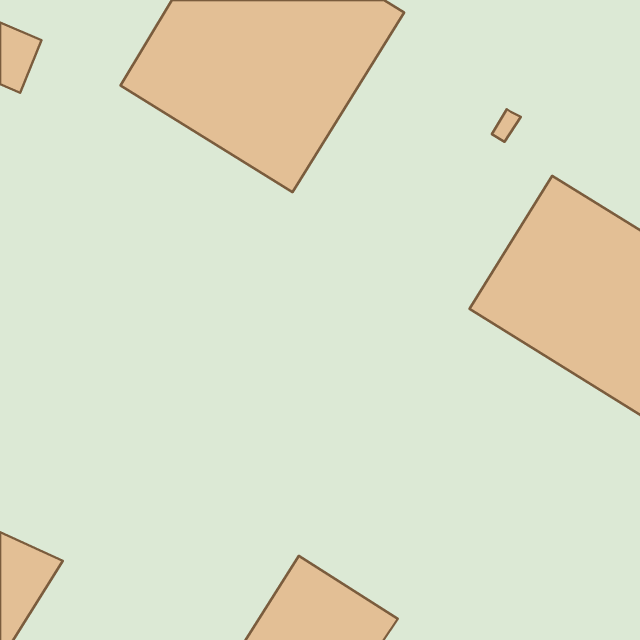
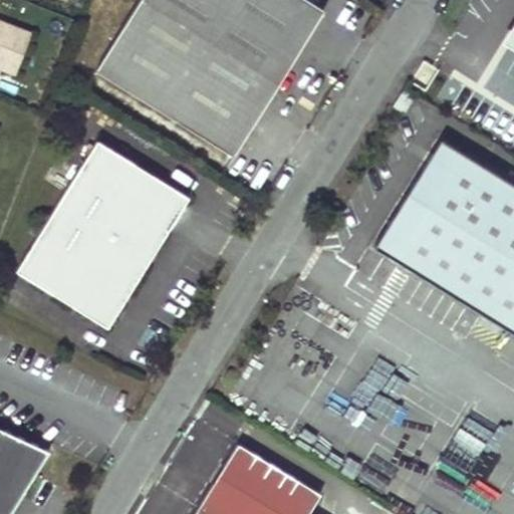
building: none -> [16,141,190,328]

